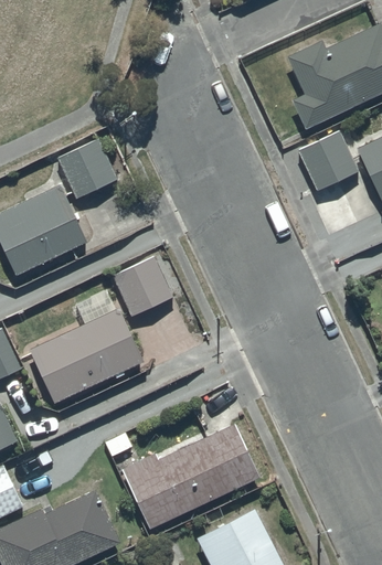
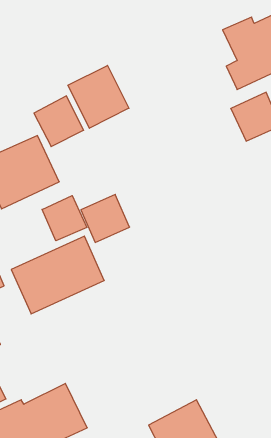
building: none -> [68,65,129,128]
building: none -> [42,196,87,241]
building: [124,424,261,529] -> none

